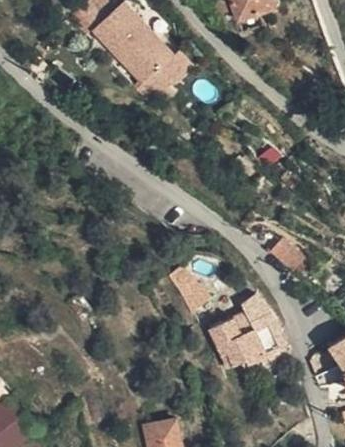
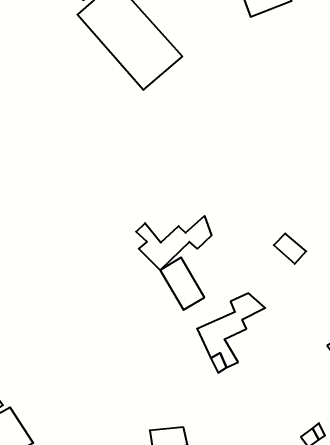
building: none -> [136,216,212,270]
building: [225,308,284,364] -> none

